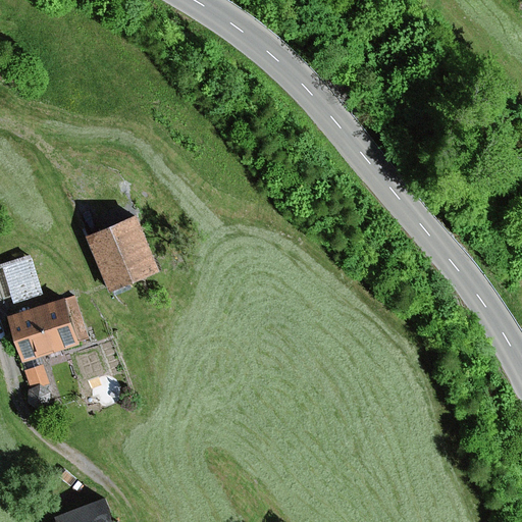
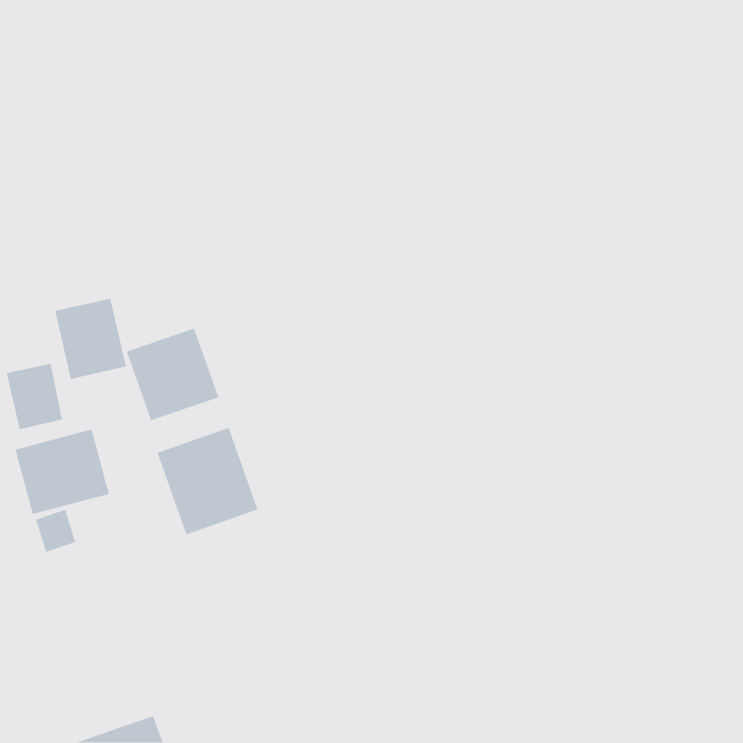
building: none -> [54,298,127,380]
building: none -> [157,427,258,535]

